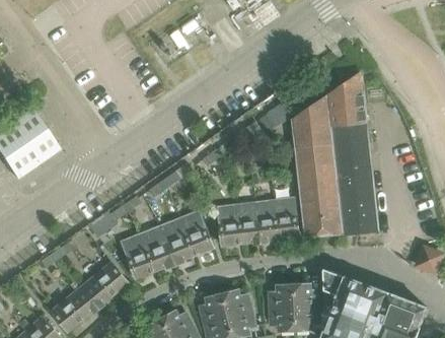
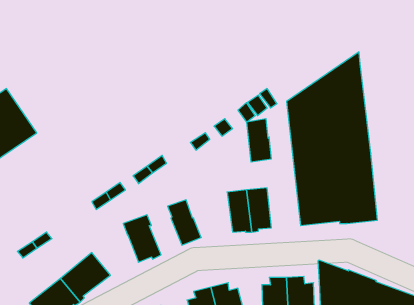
building: [274,198,297,239] -> [247,119,271,162]
building: [217,205,241,246] -> none
building: [161,218,194,264] -> none
building: [122,234,153,278] -> none

